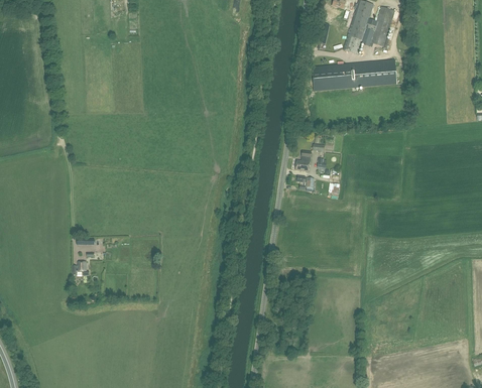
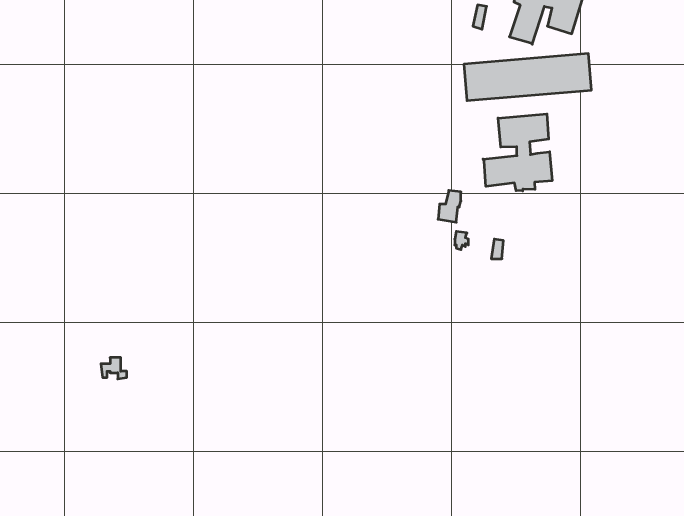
building: none -> [483,114,552,191]

